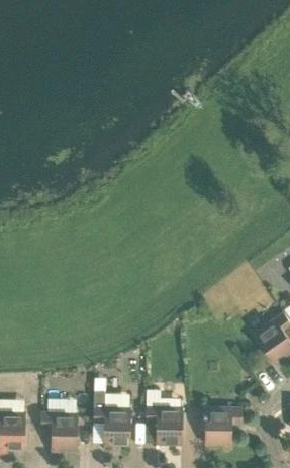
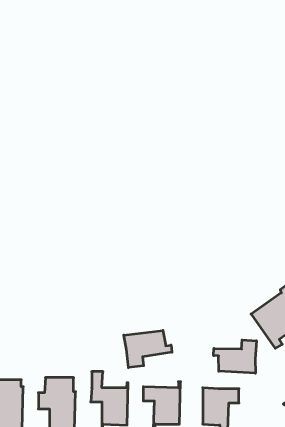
building: none -> [124,330,172,368]
building: none -> [214,340,256,373]

